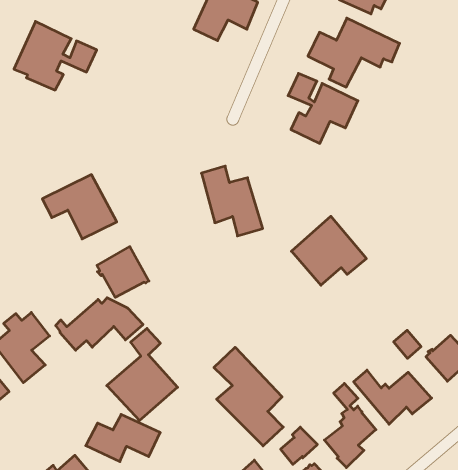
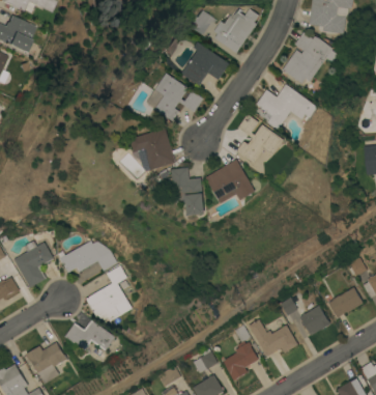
building: [14,21,97,90] -> [148,73,205,120]
building: [42,175,117,239] -> [131,128,177,169]
building: [291,216,366,285] -> [207,159,256,203]
building: [97,247,149,297] -> none
building: [214,347,283,446] -> none

